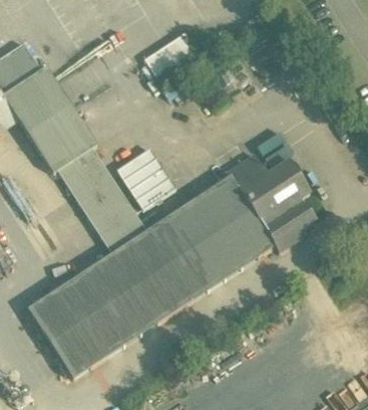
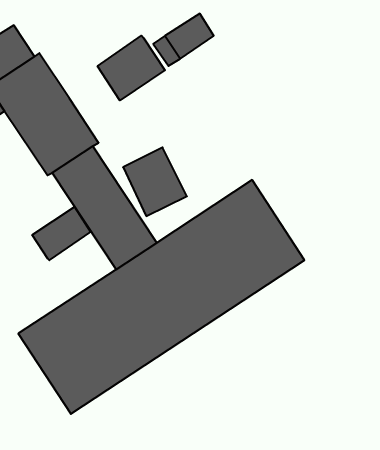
building: none -> [98,36,165,100]
building: [226,154,314,251] -> none
building: none -> [32,207,91,260]

